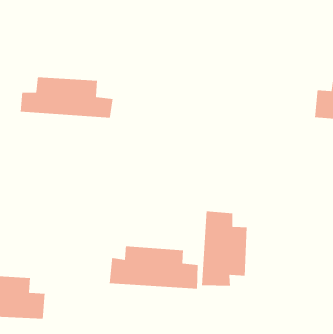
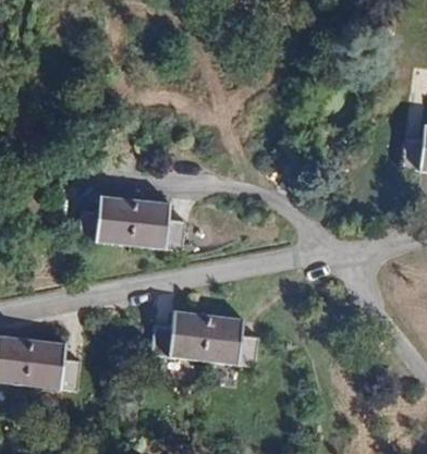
building: [20,76,113,119] -> [71,199,182,249]
building: [201,211,247,287] -> none

